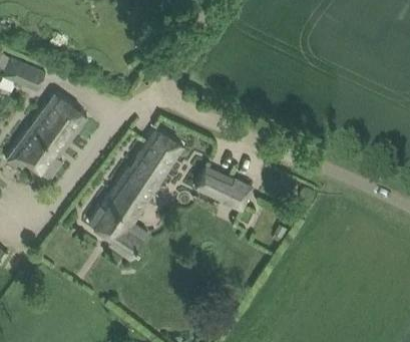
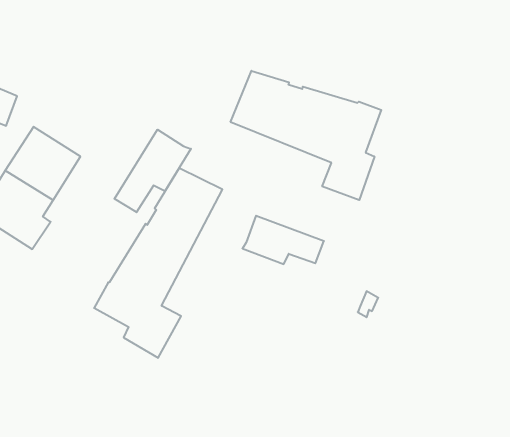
building: none -> [231,71,381,200]
building: none -> [114,130,191,212]

